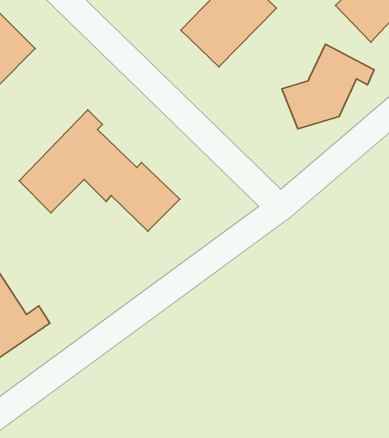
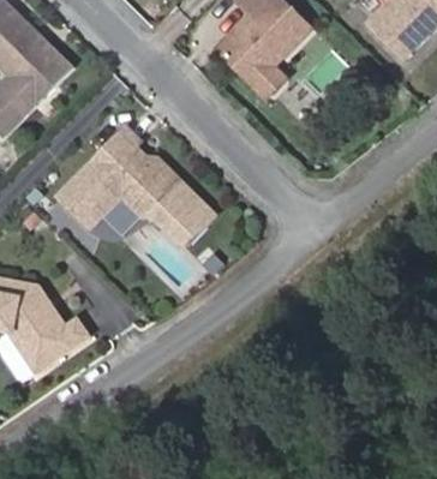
building: [282,44,374,129] -> none

